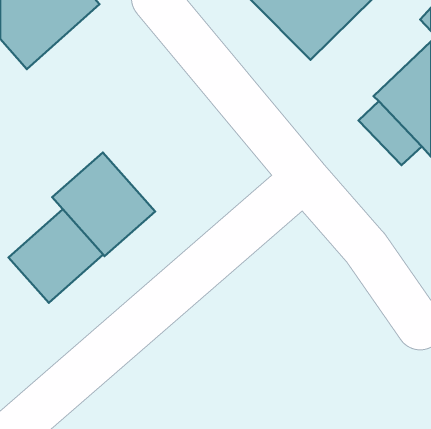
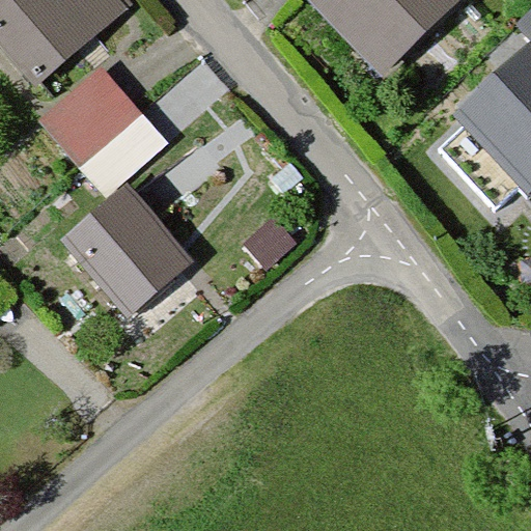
building: none -> [46,58,178,191]
building: [8,209,103,303] -> none

